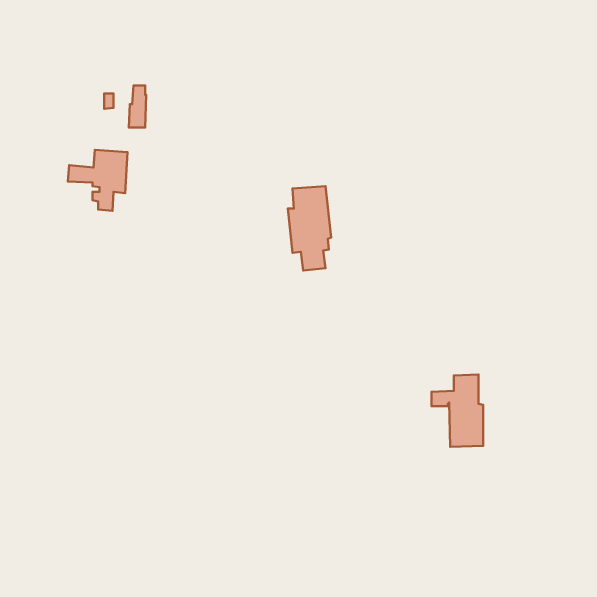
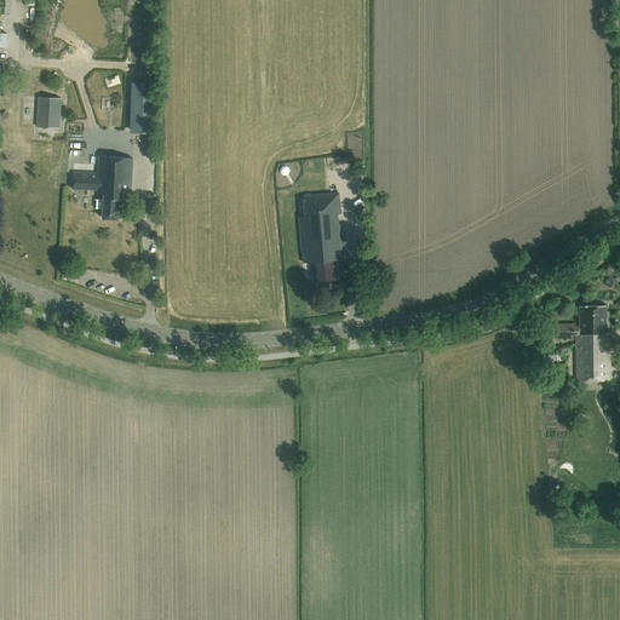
building: none -> [35,96,59,126]
building: [432,374,483,447] -> [556,305,609,380]

